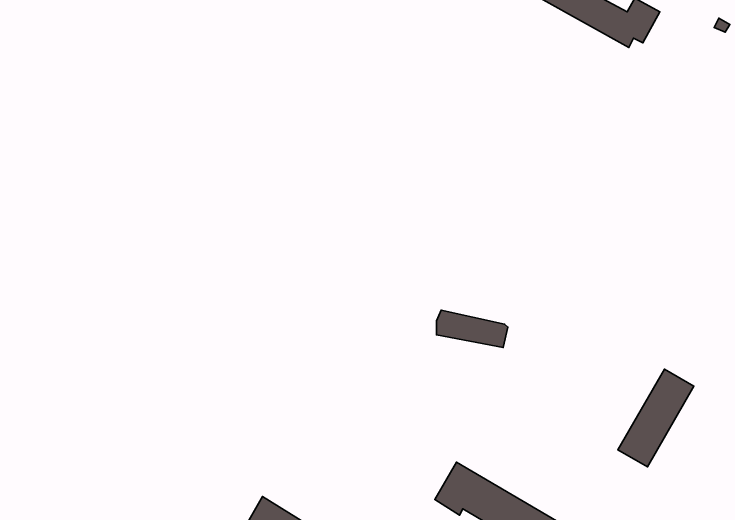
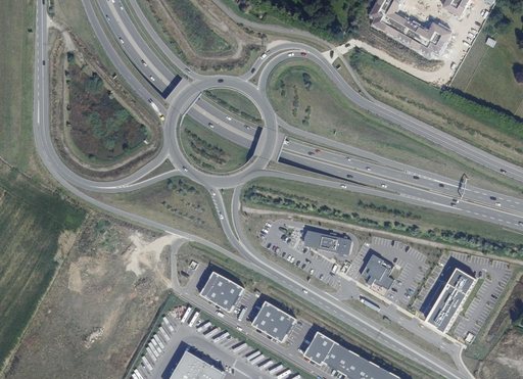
building: none -> [360,253,393,288]
building: none -> [199,270,241,310]
building: none -> [250,299,294,340]

